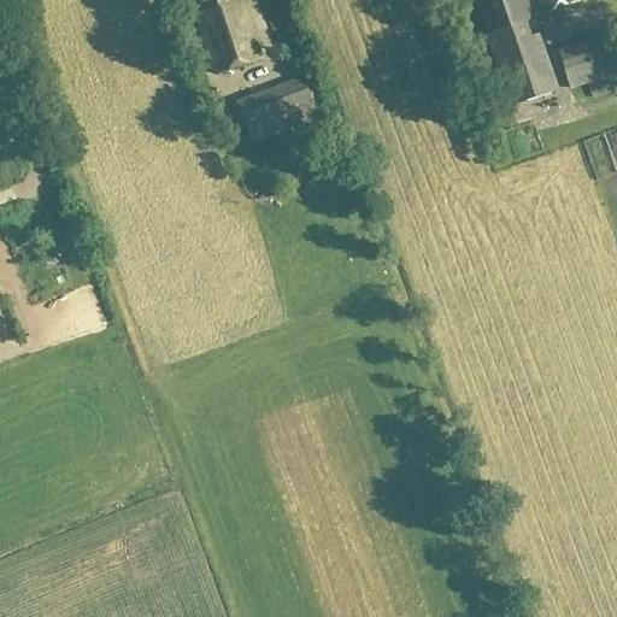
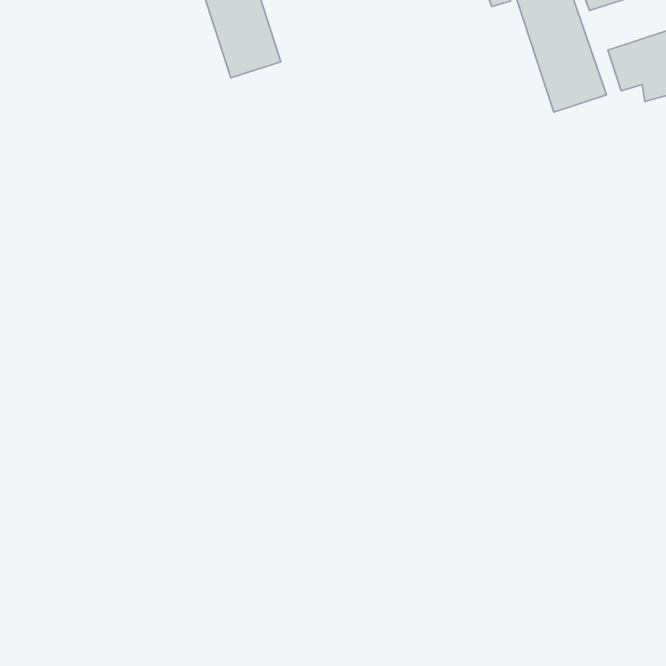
building: [242,72,322,137] -> none

